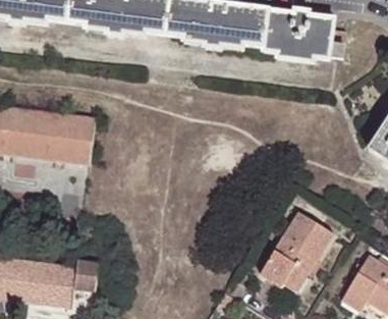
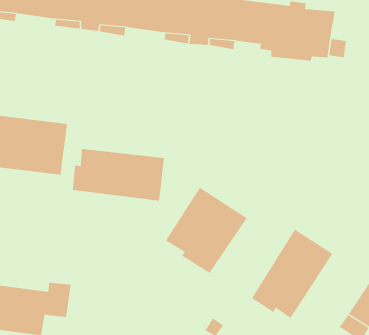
building: none -> [72,148,164,202]
building: none -> [165,187,248,274]

